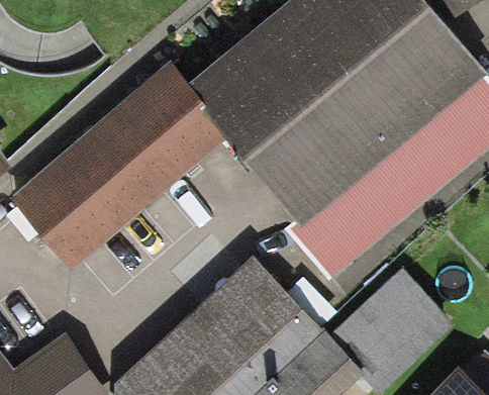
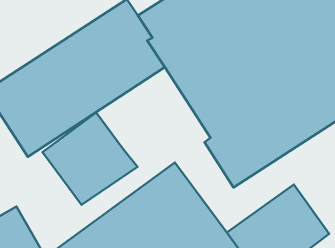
building: none -> [43,112,137,205]

